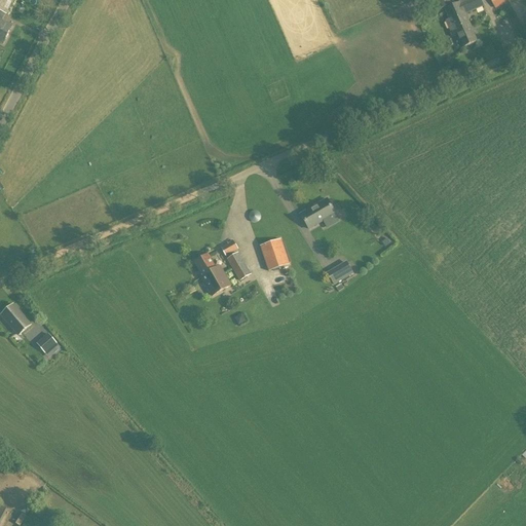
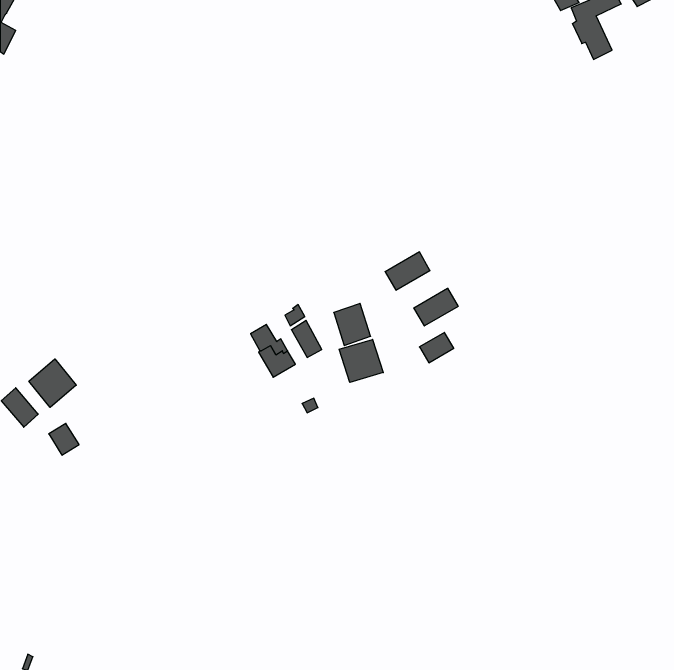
building: none -> [414,288,458,326]
building: none -> [339,339,383,382]
building: none -> [29,359,76,407]

